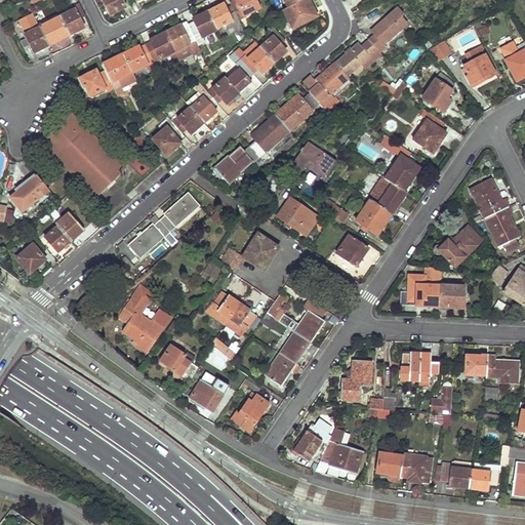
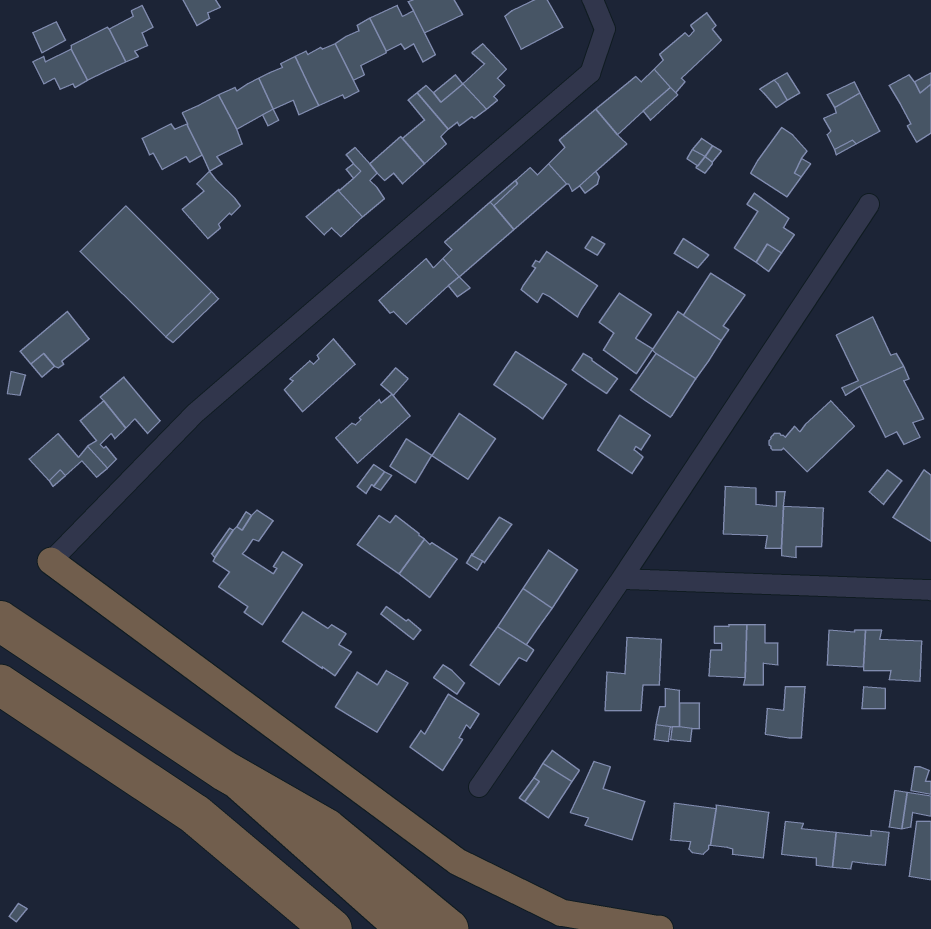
building: [153,117,186,155] -> [182,171,240,239]
building: none -> [599,293,653,374]
building: [128,219,170,258] -> [336,394,410,463]

